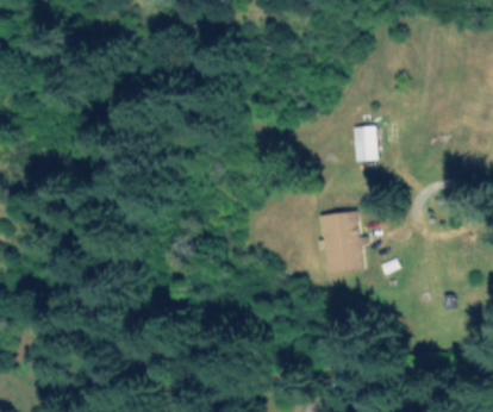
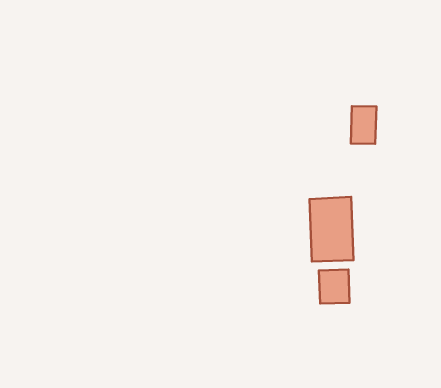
building: none -> [319,270,350,304]

